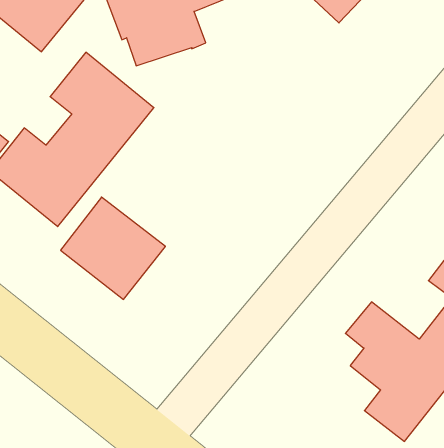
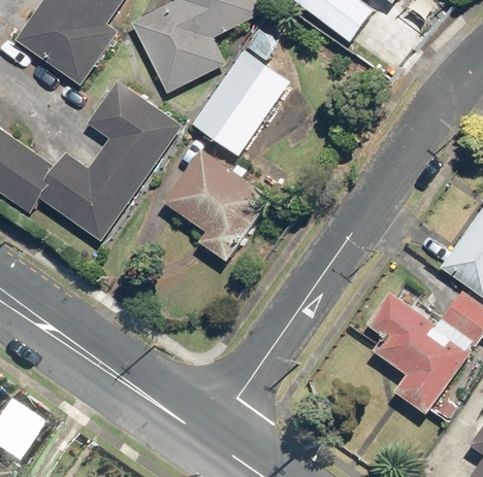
building: none -> [195,53,289,157]
building: [61,197,165,299] -> [168,154,263,245]

